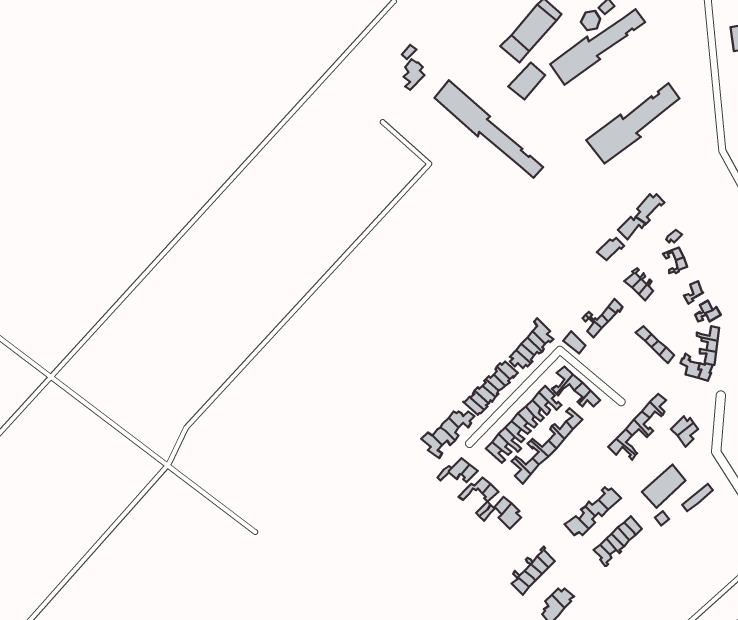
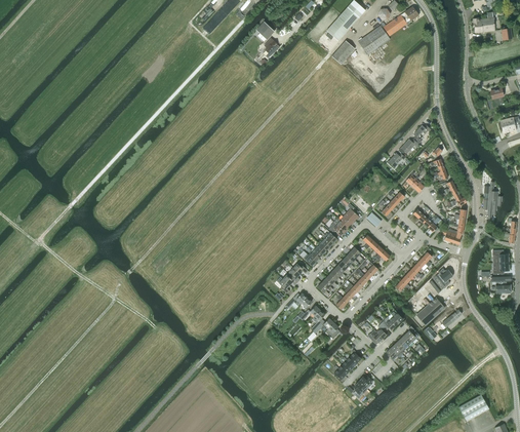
building: [435,80,543,178] -> none
building: [586,83,680,164] -> none

